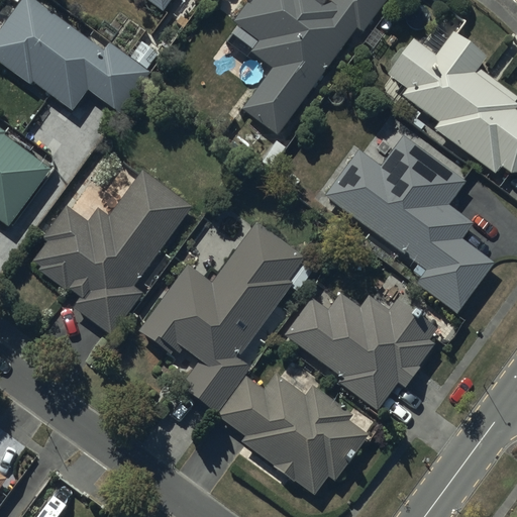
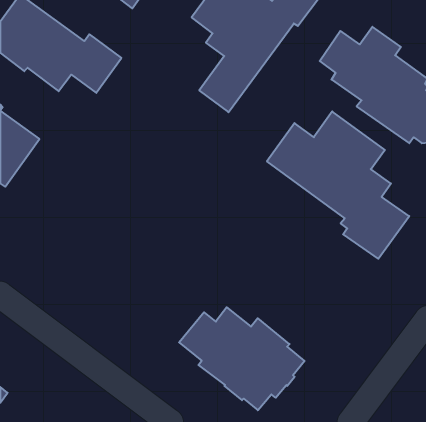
building: [32,169,192,333] -> none
building: [138,221,305,412] -> none
building: [284,292,440,410] -> none

